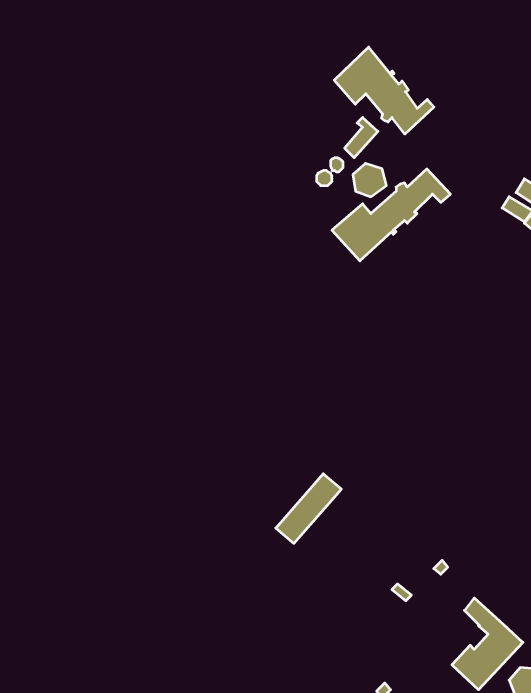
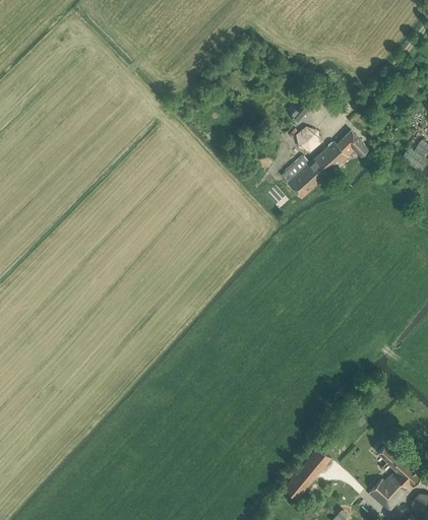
building: [334,47,434,134] -> none
building: [276,474,341,543] -> [284,448,331,499]

